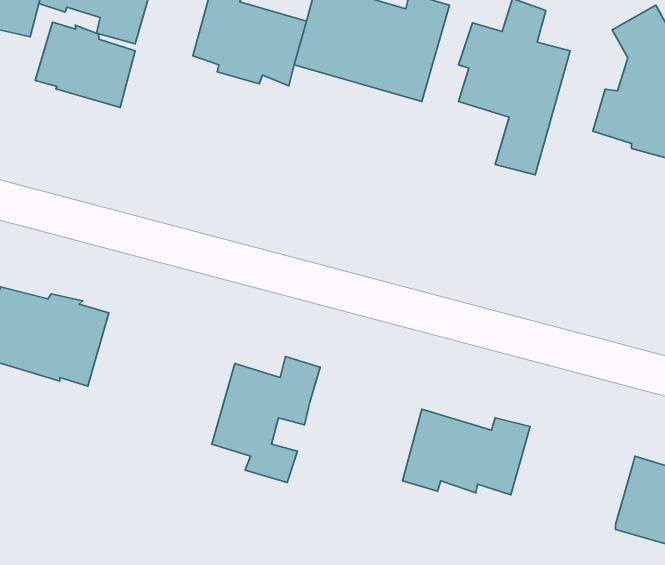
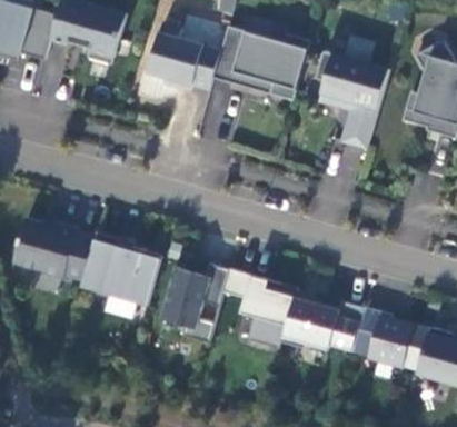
building: [35,22,135,107] -> none
building: none -> [80,231,161,305]
building: none -> [222,270,296,349]
building: none -> [350,308,428,370]

